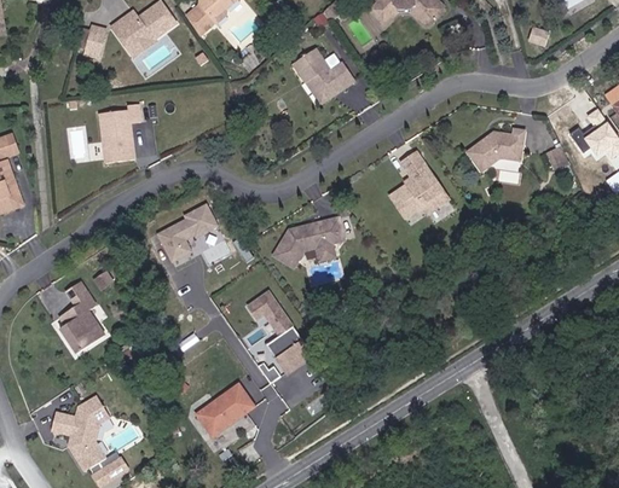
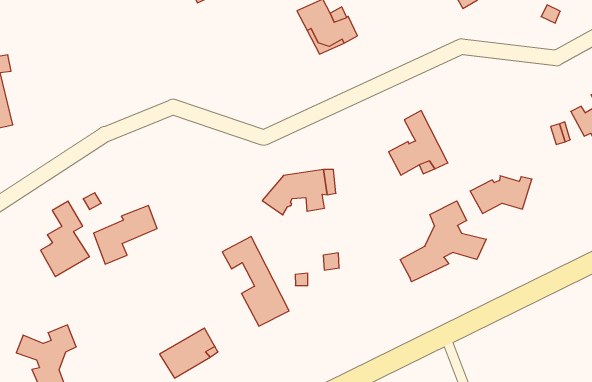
building: [100,109,141,165] -> none
building: [475,130,534,170] -> [470,176,532,214]
building: [157,201,219,262] -> [94,205,157,264]
building: none -> [400,201,486,282]

